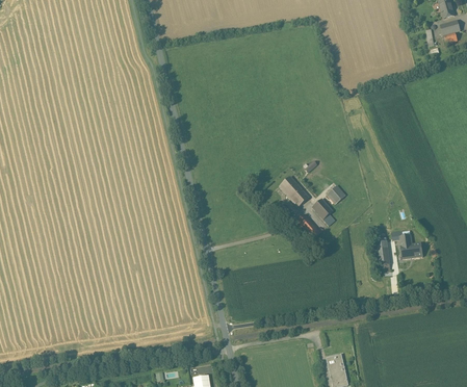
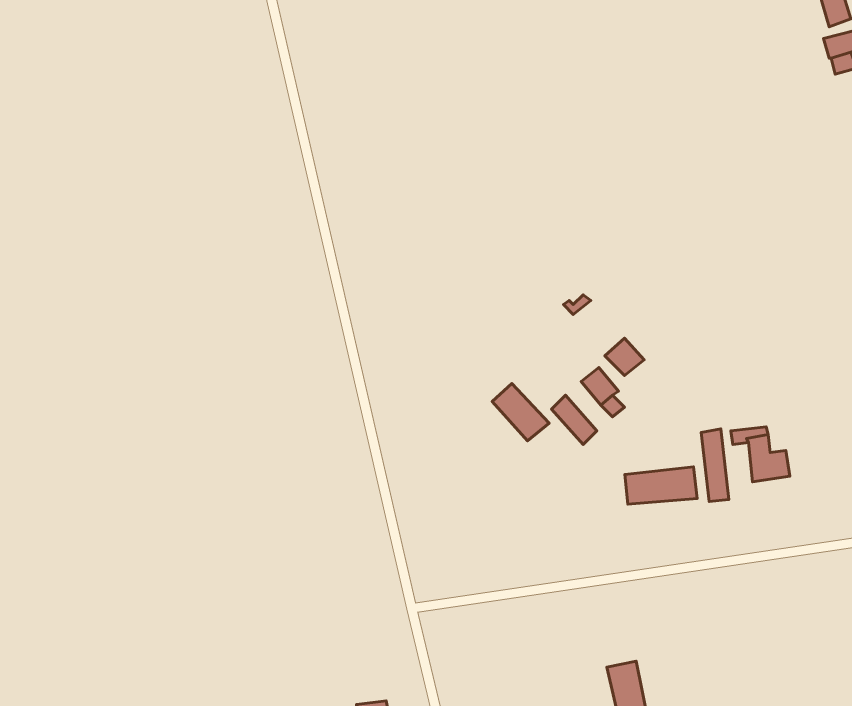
building: [279,176,309,206] -> [492,384,549,441]
building: none -> [625,467,697,504]

